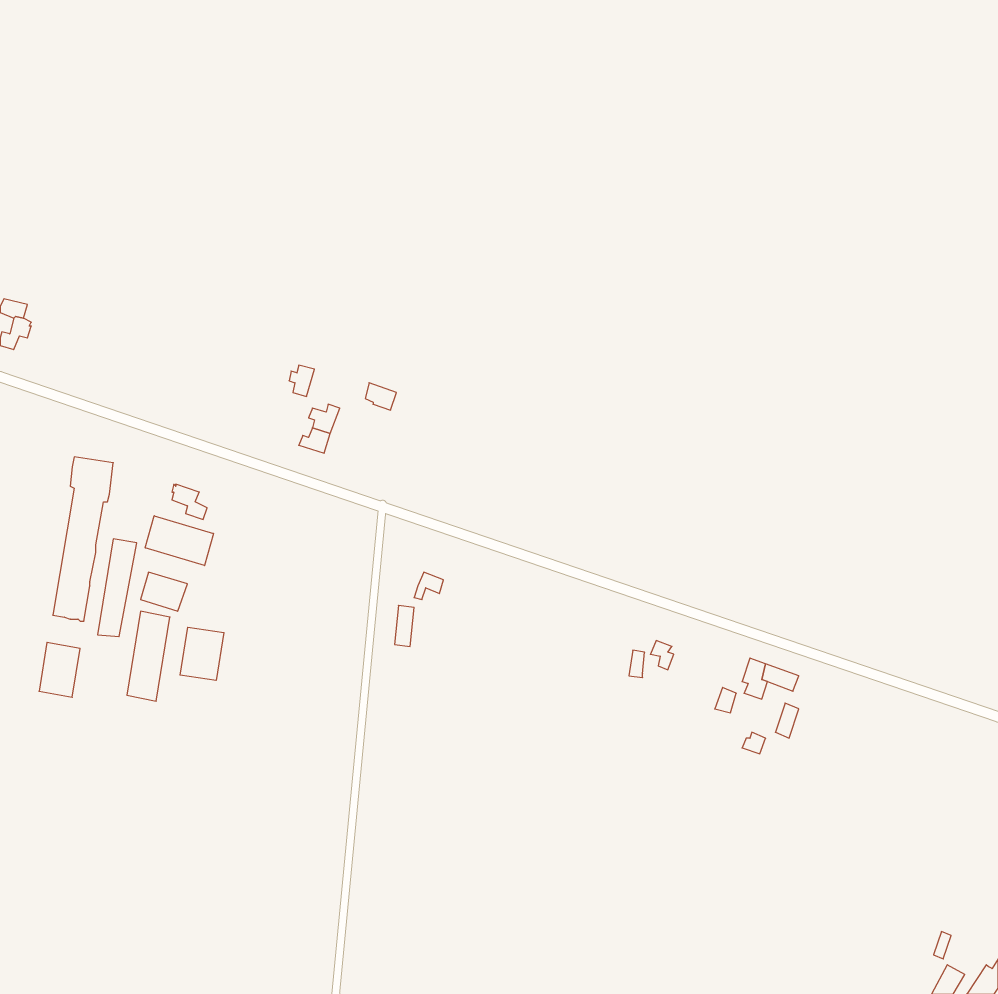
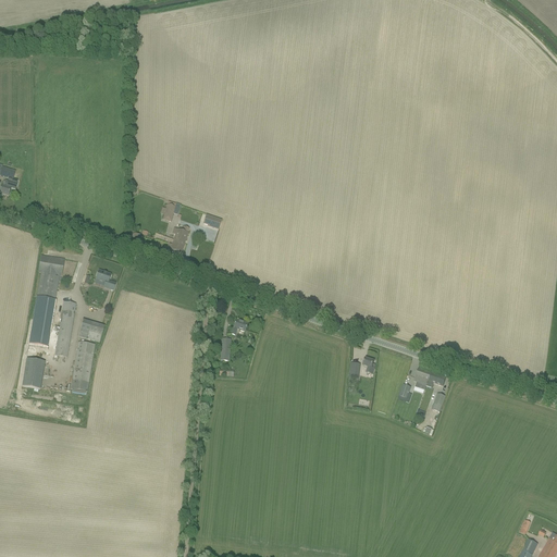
building: [145,516,213,566] -> none
building: [180,627,224,680] -> none

